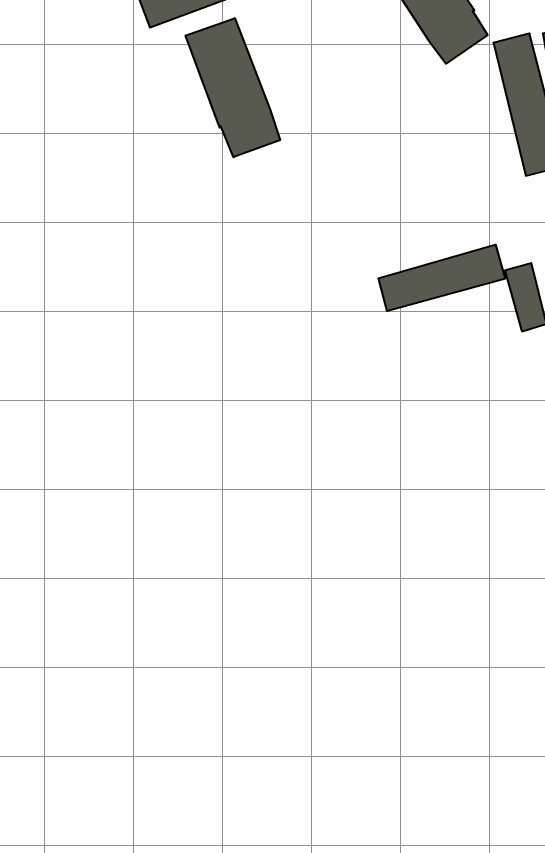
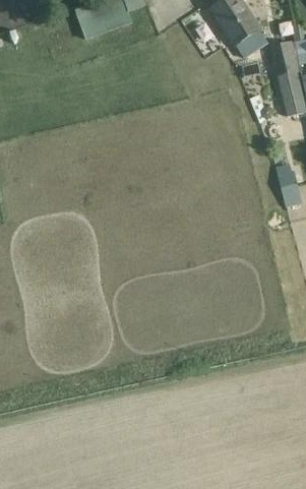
building: [186,18,280,157] -> none
building: [379,245,505,311] -> none

